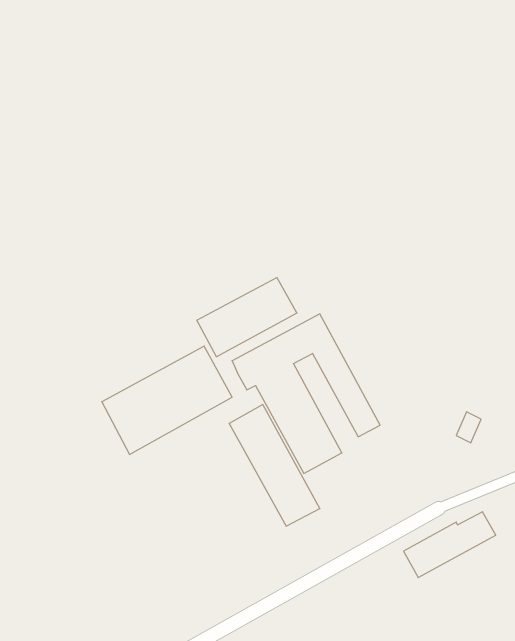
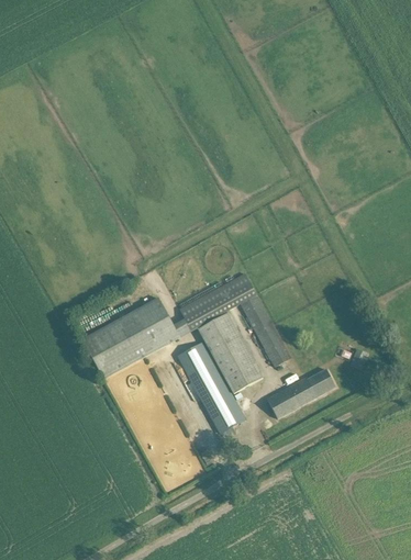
building: [197,278,297,357] -> none
building: [404,512,496,578] -> [266,369,335,418]

